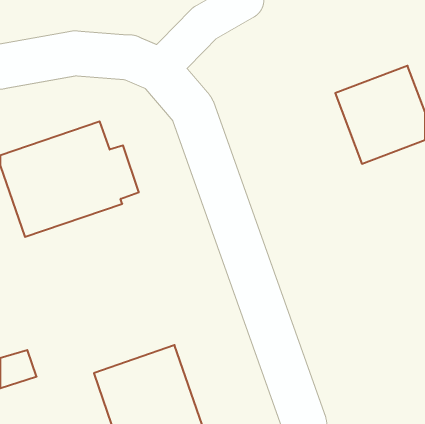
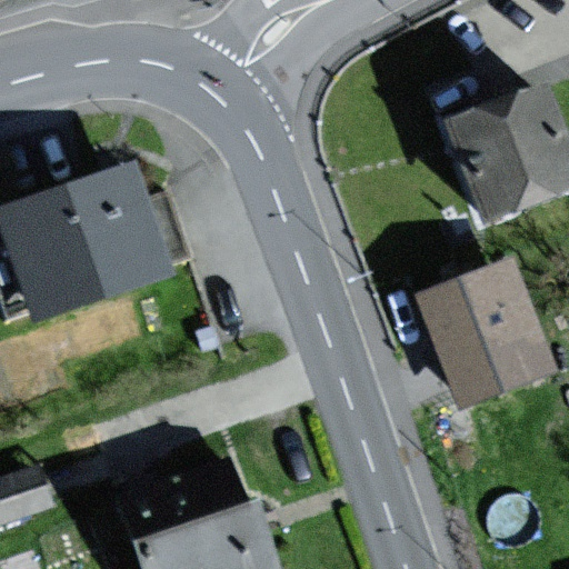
building: none -> [420,264,549,402]

